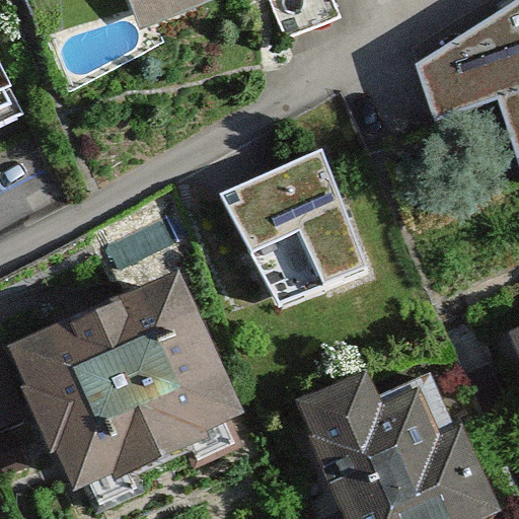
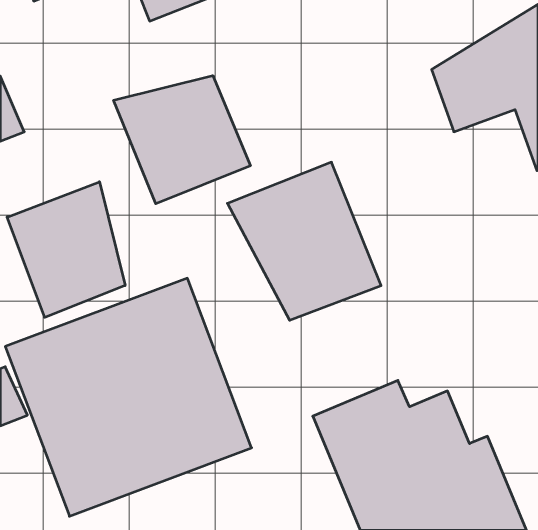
building: none -> [114,76,250,204]
building: none -> [7,182,125,317]

